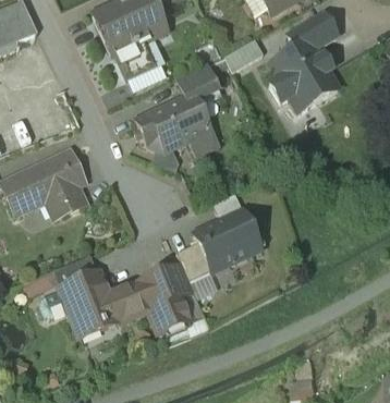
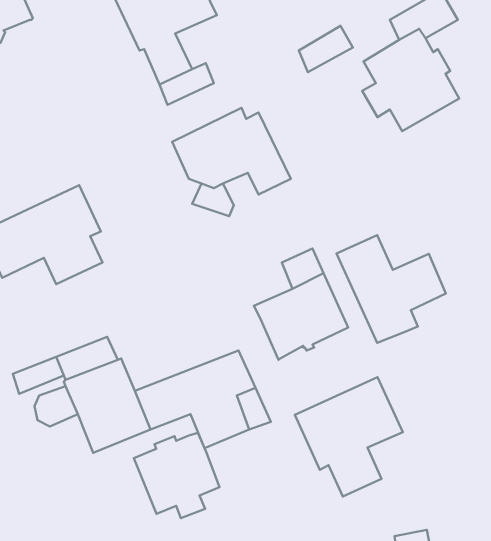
building: [175,64,216,102] -> none
building: none -> [336,235,446,343]
building: [174,243,209,282] -> none
building: none -> [295,377,403,496]
building: none -> [134,433,219,518]

